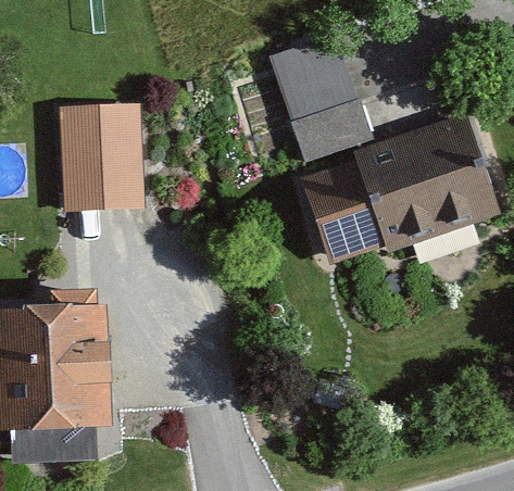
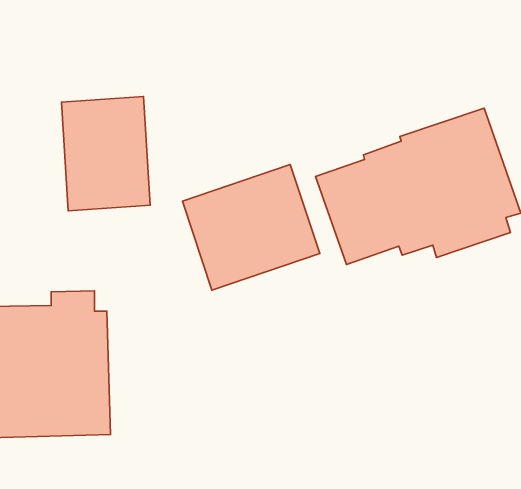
building: [273,39,372,165] -> none
building: none -> [182,165,320,290]

